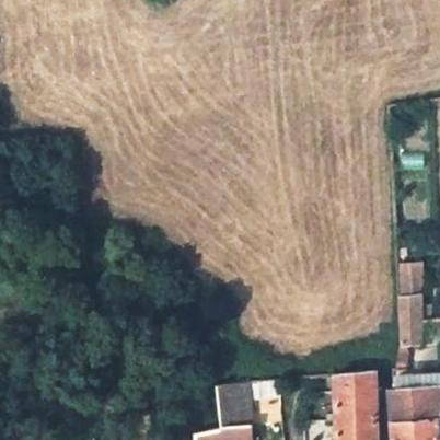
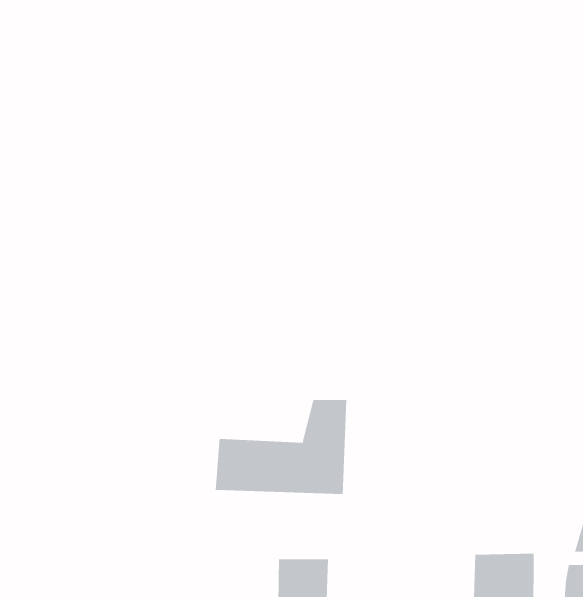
building: none -> [215,399,347,495]

